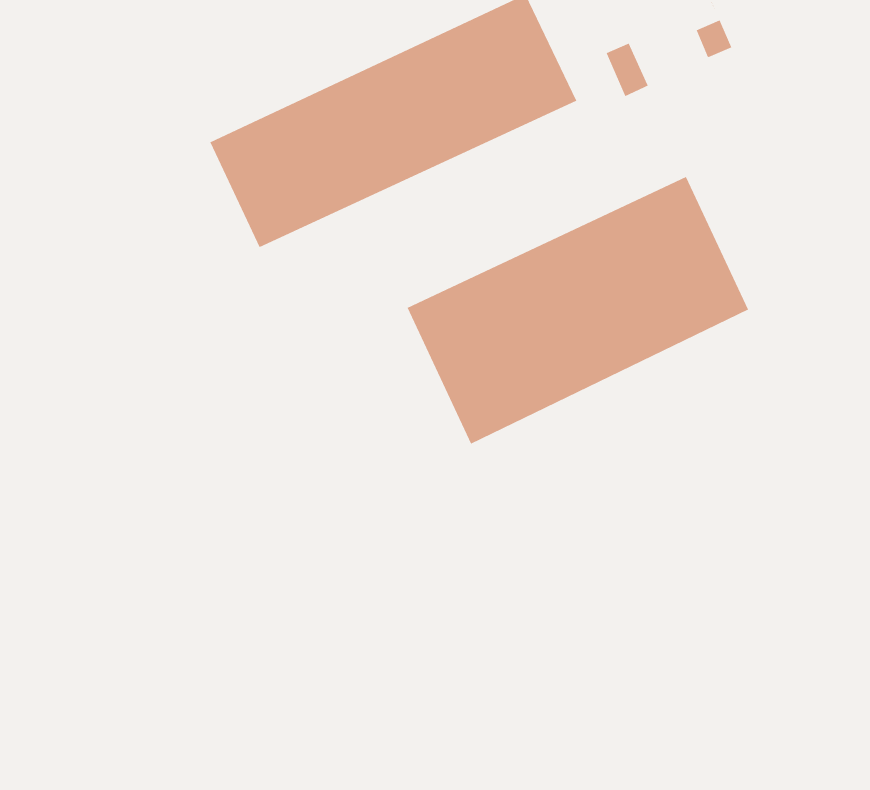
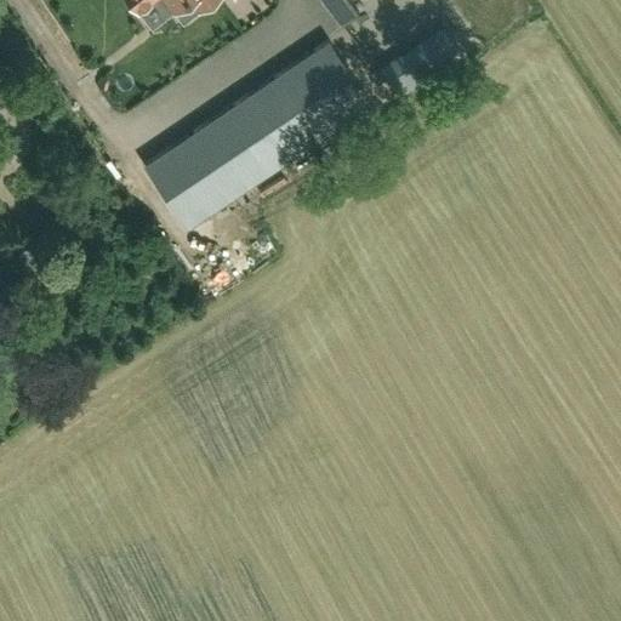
building: [407,176,749,444] -> none

